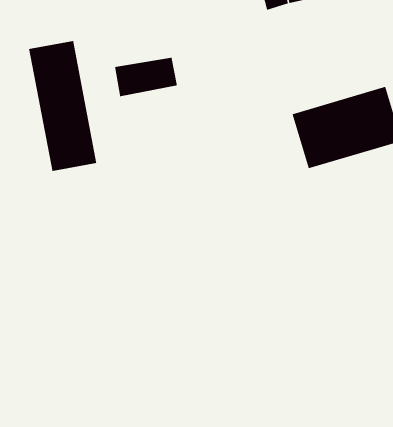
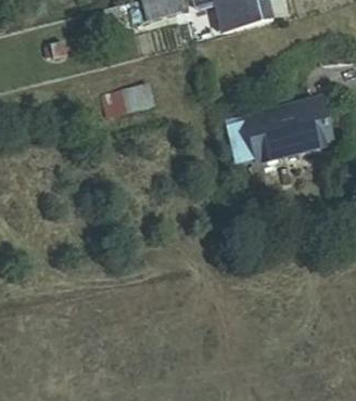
building: [28,40,97,172] -> none

